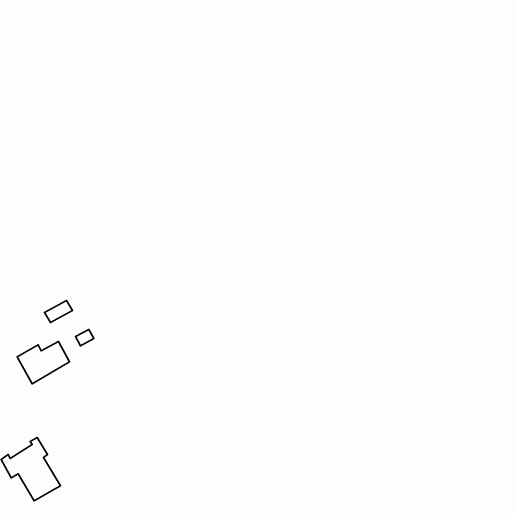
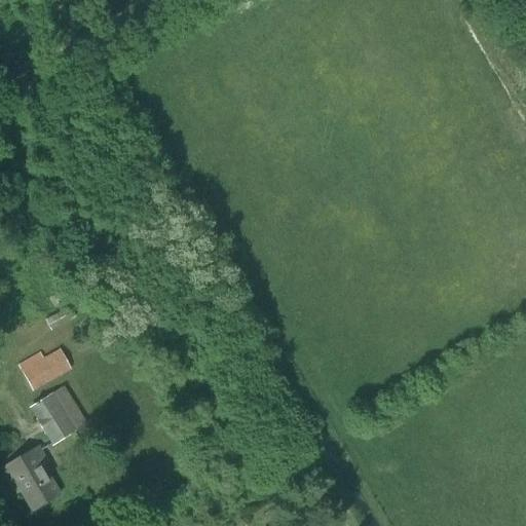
building: none -> [30,385,86,444]

